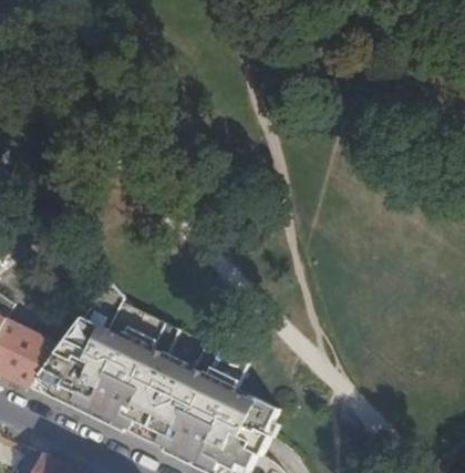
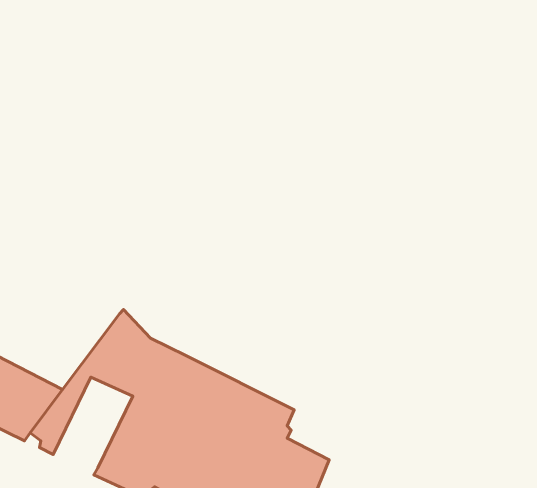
building: [51,337,116,411] -> none

